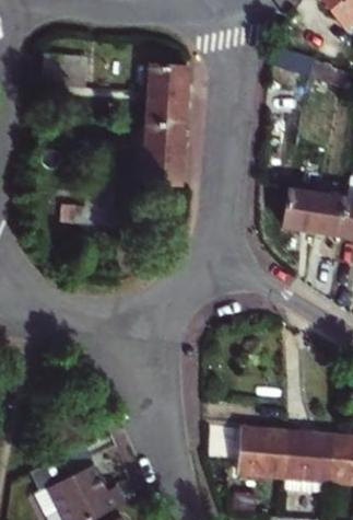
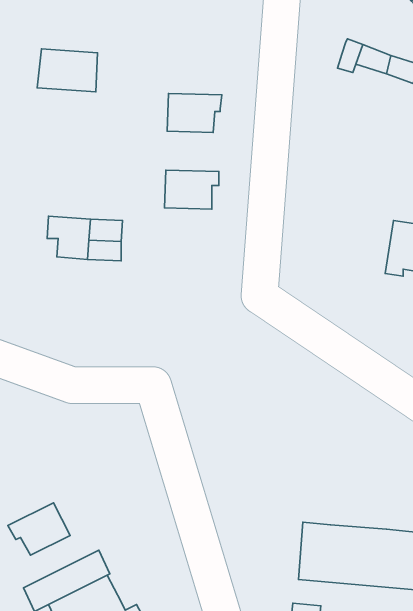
building: [144,62,186,93] -> none
building: [142,122,184,153] -> none
building: [287,187,320,233] -> none
building: none -> [8,503,70,555]

